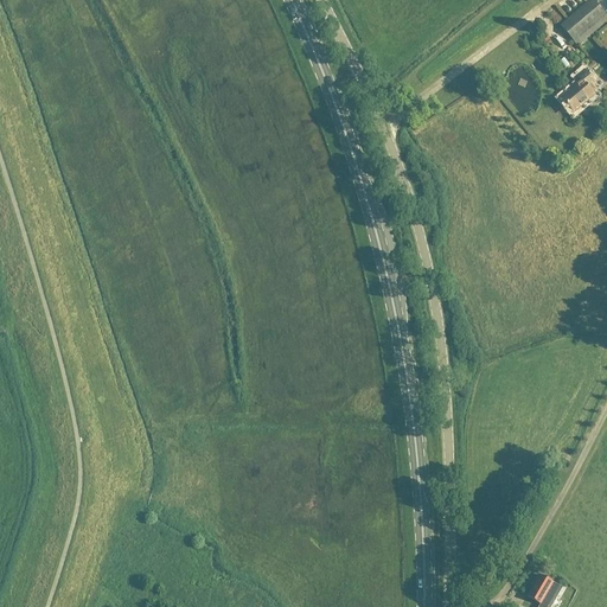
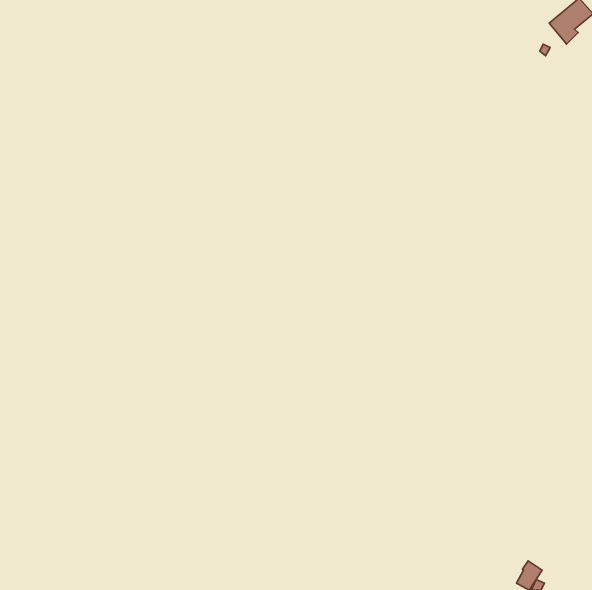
building: [562,69,598,110] -> none

